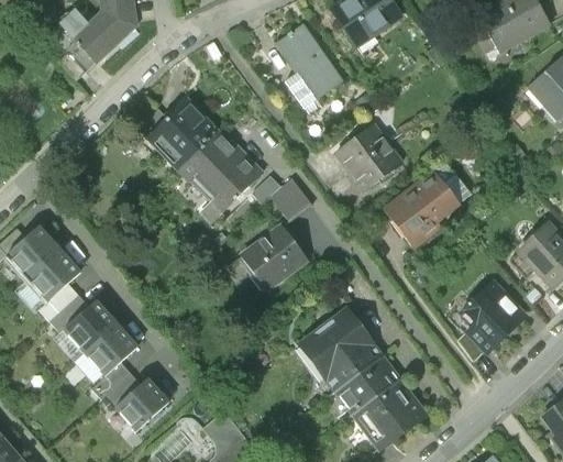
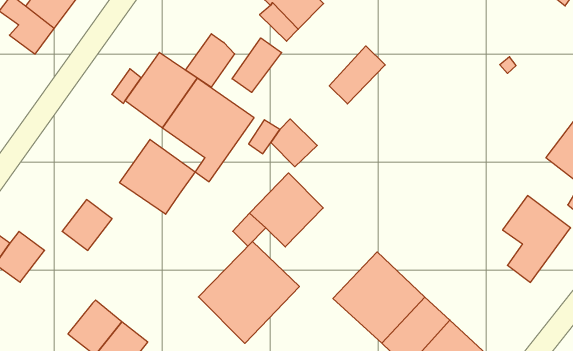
building: none -> [186,34,235,87]
building: none -> [232,38,282,92]
building: [346,144,399,191] -> none
building: [380,171,456,250] -> none
building: none -> [120,139,195,214]
building: [30,255,76,300] -> [62,200,112,250]
building: none -> [198,241,299,343]
building: [48,296,90,336] -> none

